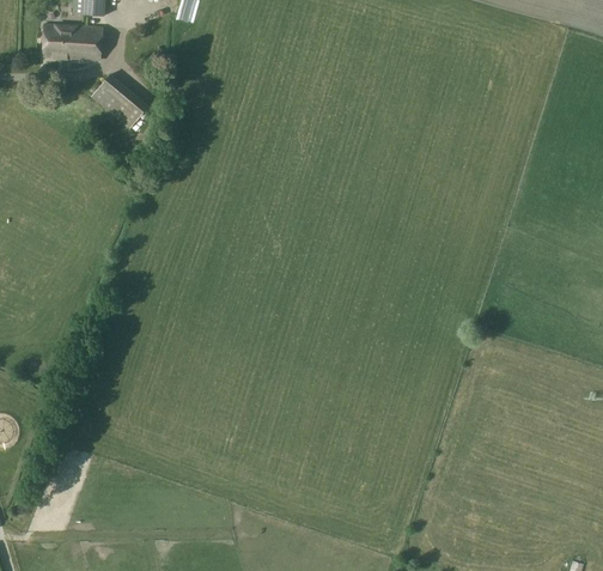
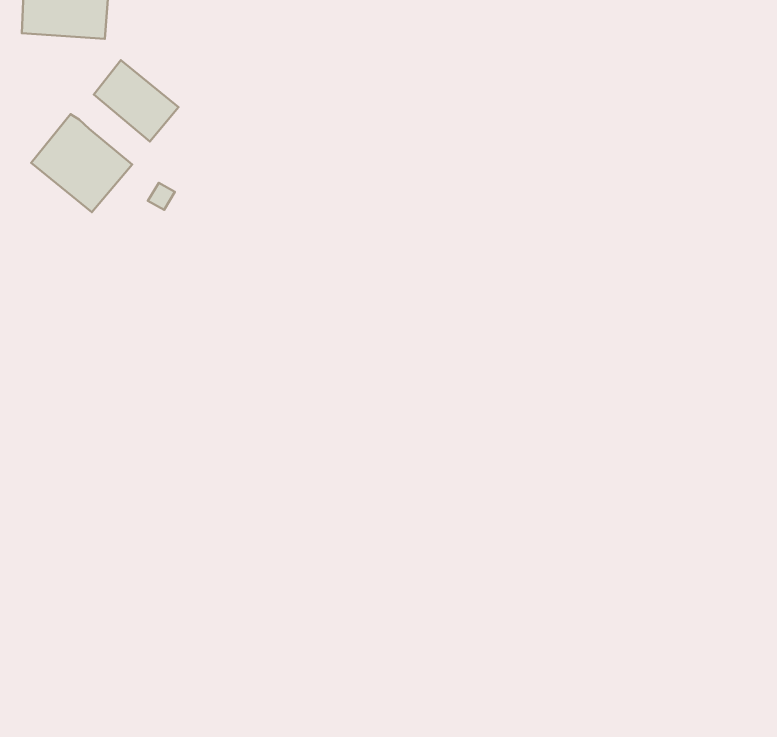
building: none -> [31,114,132,212]

